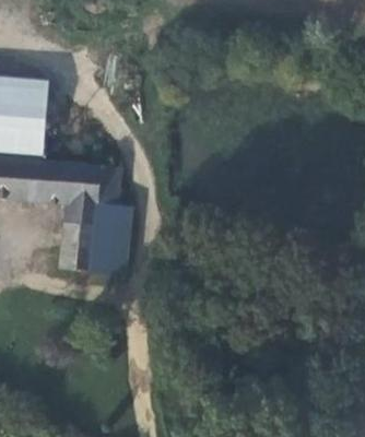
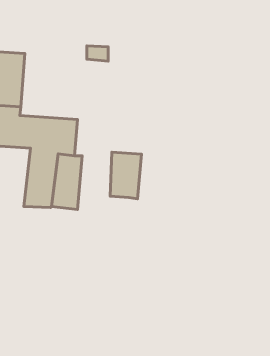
building: none -> [110,152,141,199]

